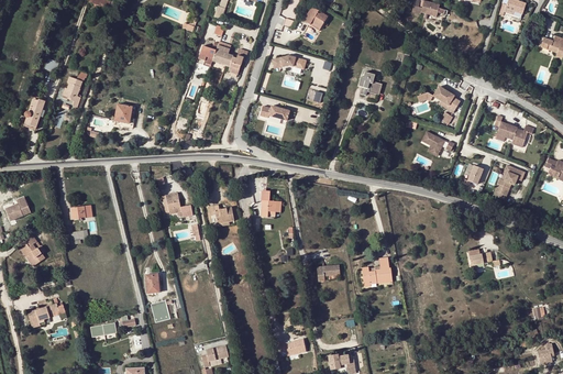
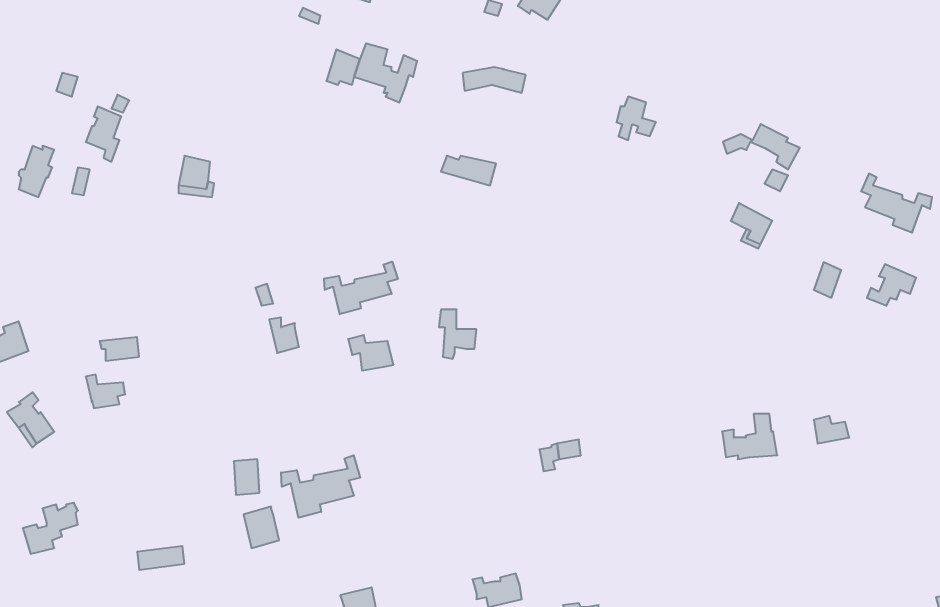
building: none -> [324,262,398,314]
building: [362,258,393,284] -> [722,414,777,459]
building: none -> [281,455,360,518]

